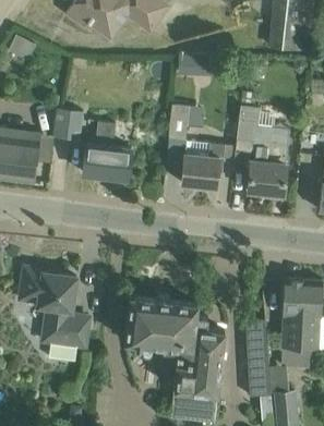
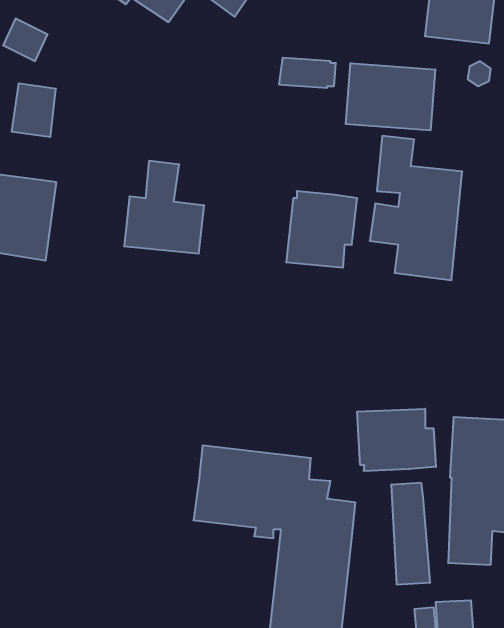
building: none -> [346,63,435,130]
building: [169,104,190,141] -> none
building: [55,108,82,141] -> [11,83,56,137]
building: [21,267,91,362] -> none
building: none -> [357,409,436,471]

